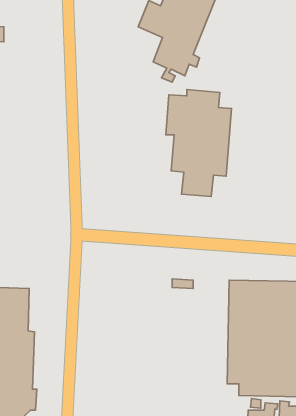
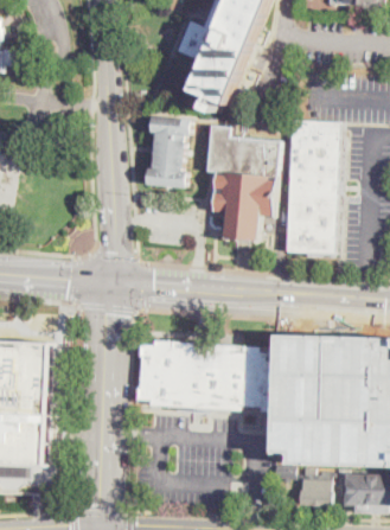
building: none -> [145,117,191,189]
building: none -> [284,120,338,257]
building: none -> [136,341,271,411]

